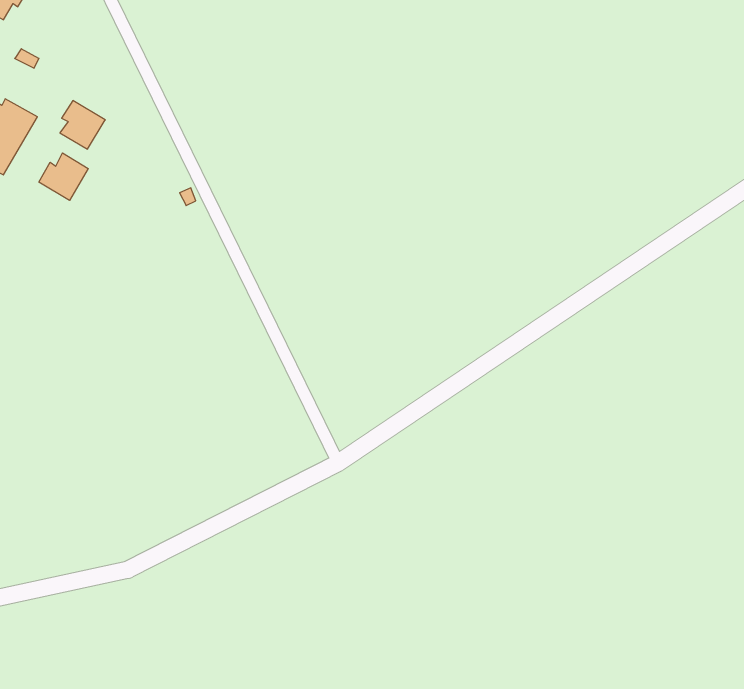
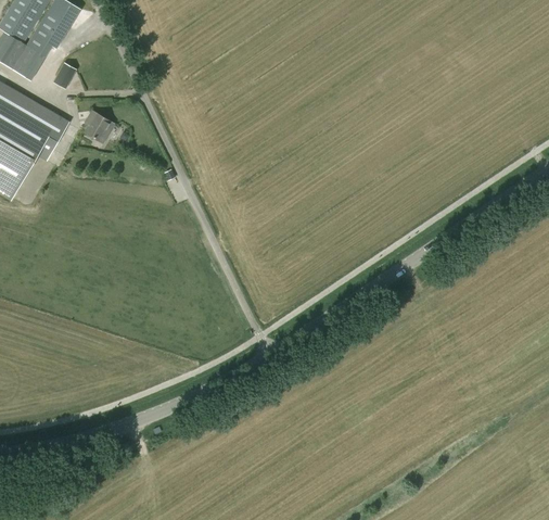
building: [39,153,88,200] -> none

